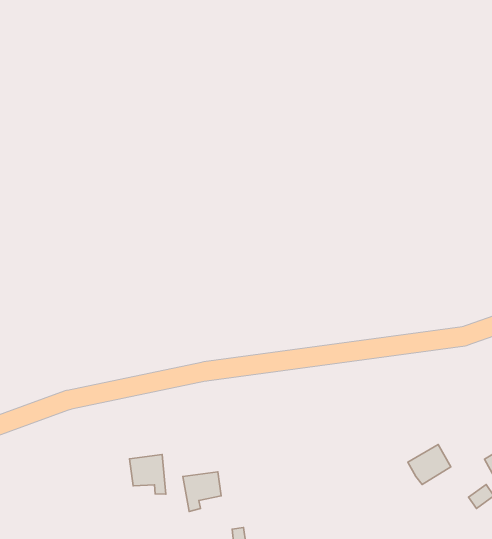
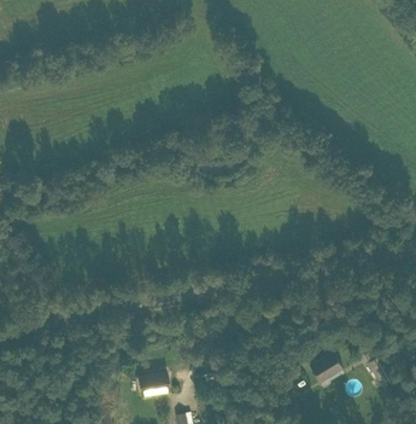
building: [129,454,166,494] -> none

